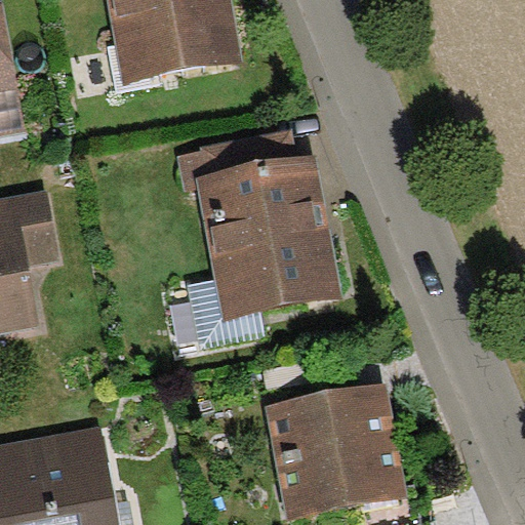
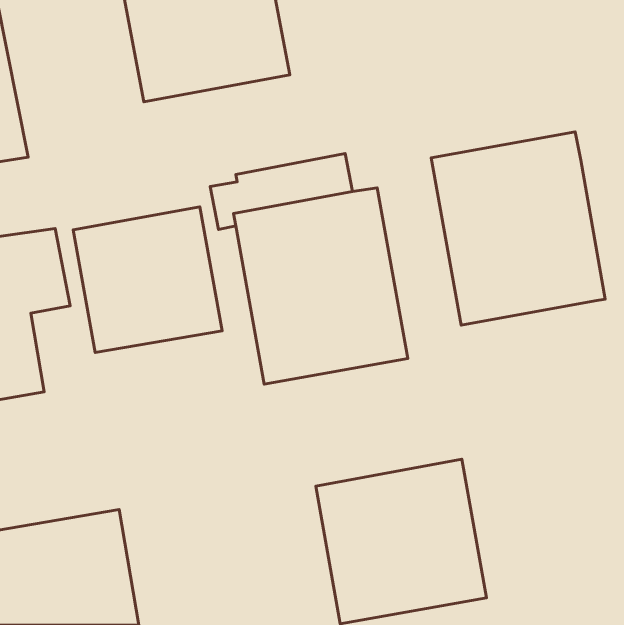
building: none -> [431,132,605,325]
building: none -> [73,207,222,352]

